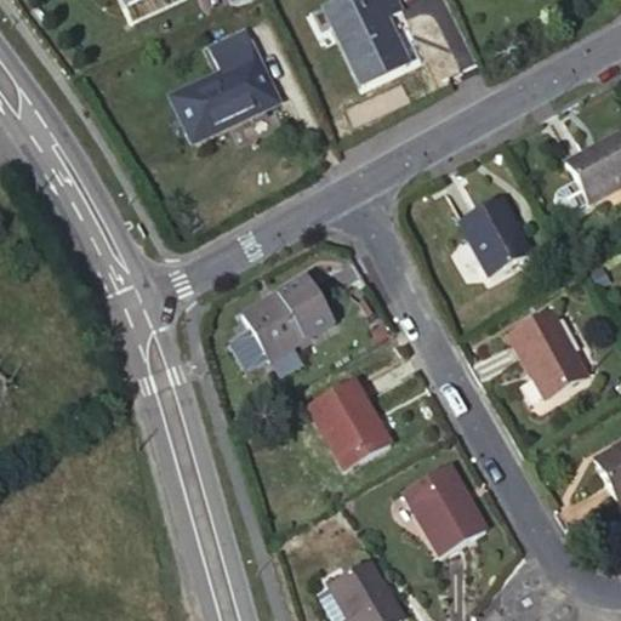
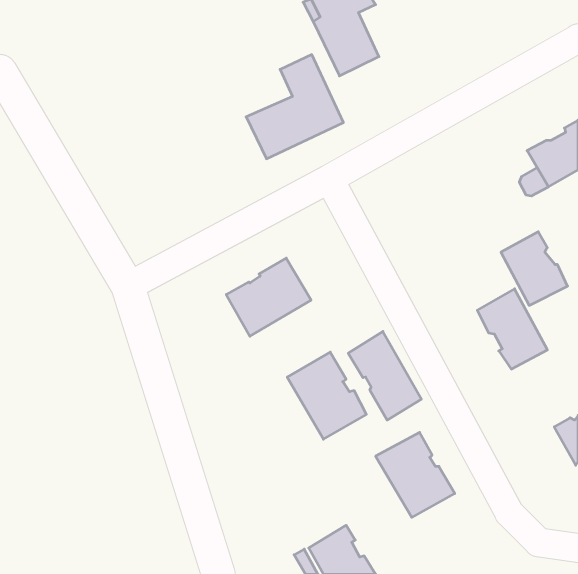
building: [172,28,277,139] -> [246,55,343,159]
building: [461,196,532,275] -> [501,232,568,305]
building: none -> [348,331,421,420]

